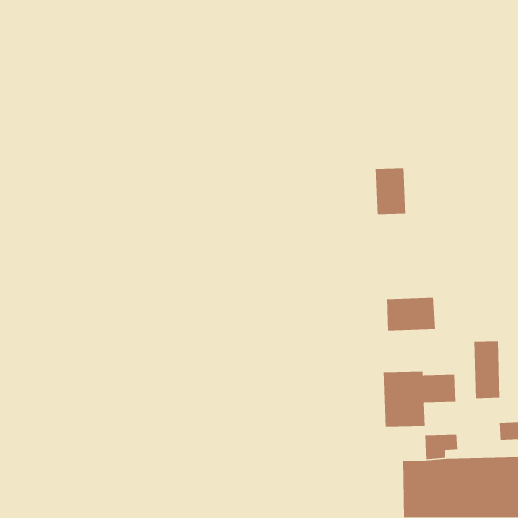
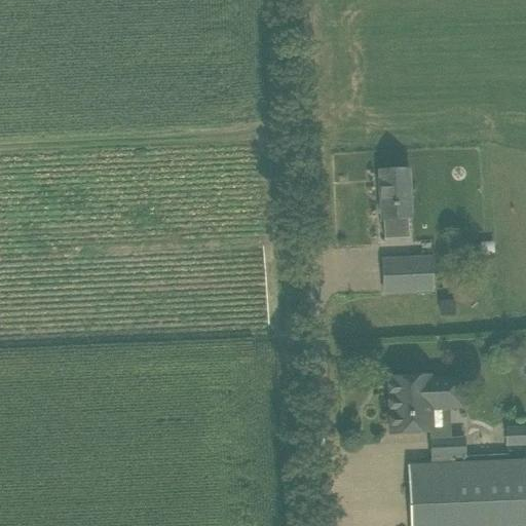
building: none -> [379,218,407,238]
building: [386,297,436,331] -> [384,258,435,293]
building: [474,340,500,399] -> none

